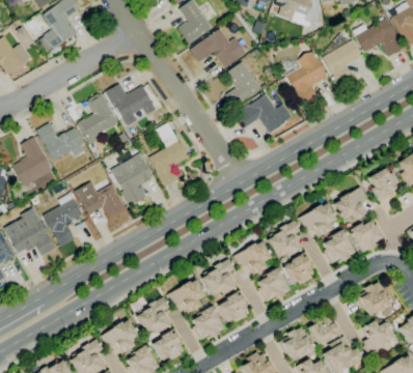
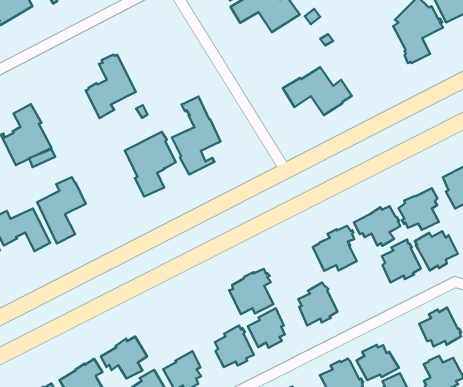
building: [279,52,327,106] -> none
building: [224,61,260,111] -> none
building: [105,83,156,125] -> none
building: [35,123,84,162] -> none
building: [75,181,126,219] -> none
building: [233,241,271,274] -> none
building: [283,252,313,284] -> none
building: [168,280,209,314] -> none
building: [136,297,171,335] -> none

